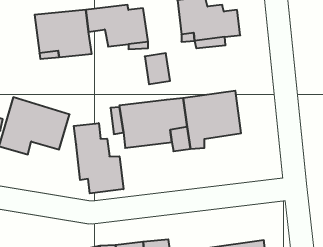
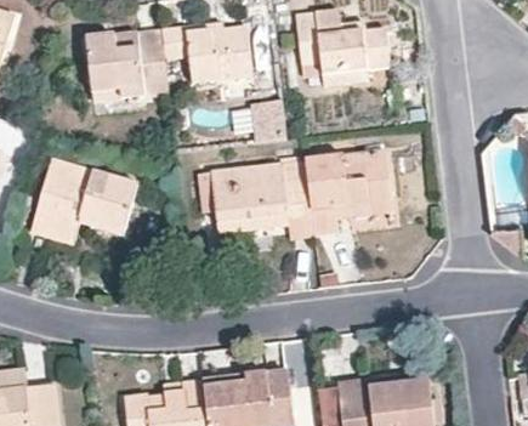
building: [74,123,123,193] -> none

